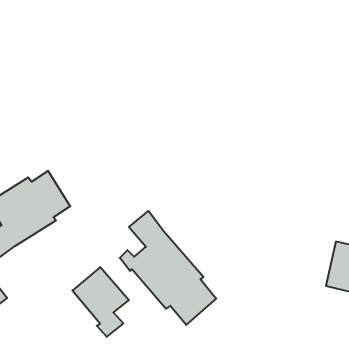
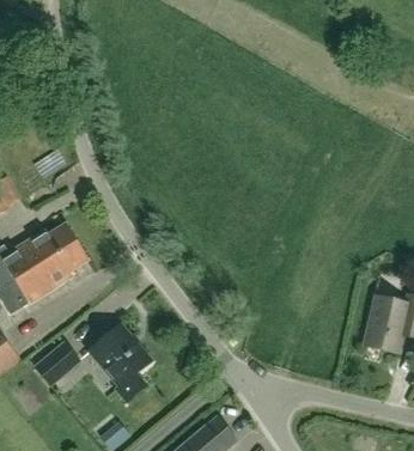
building: [120,211,216,325] -> none
building: none -> [35,341,79,384]

